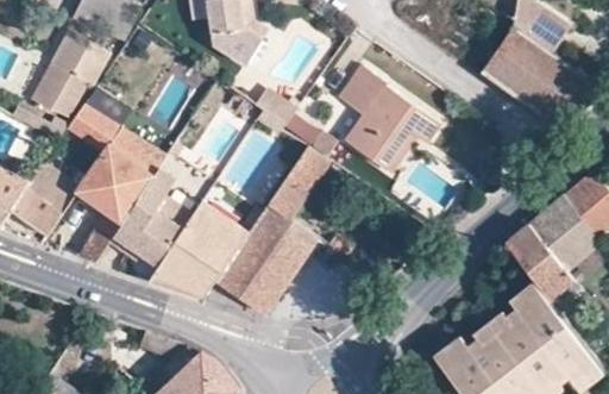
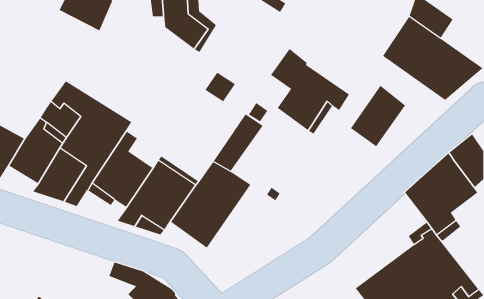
building: [52,31,108,82] -> none
building: [33,67,87,117] -> none
building: none -> [350,85,406,147]

